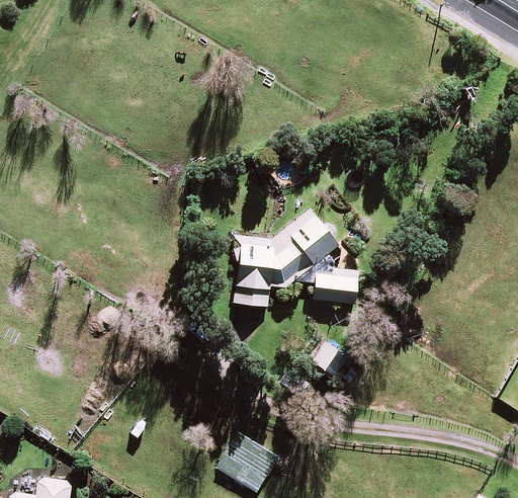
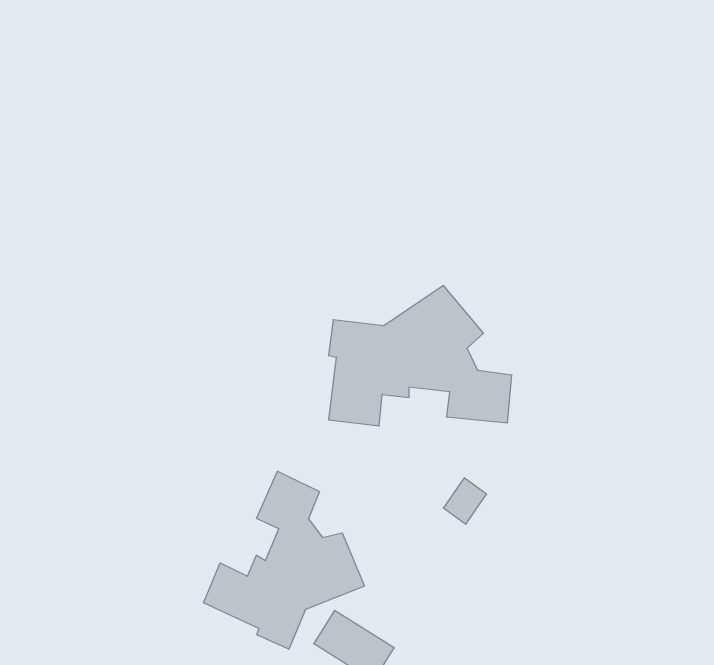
building: none -> [203,471,365,649]

